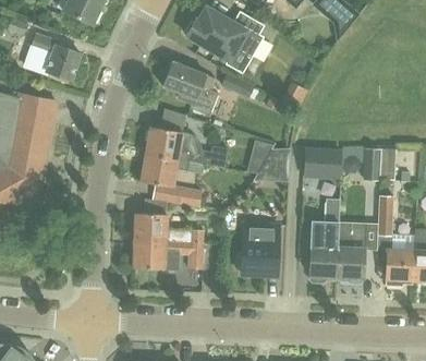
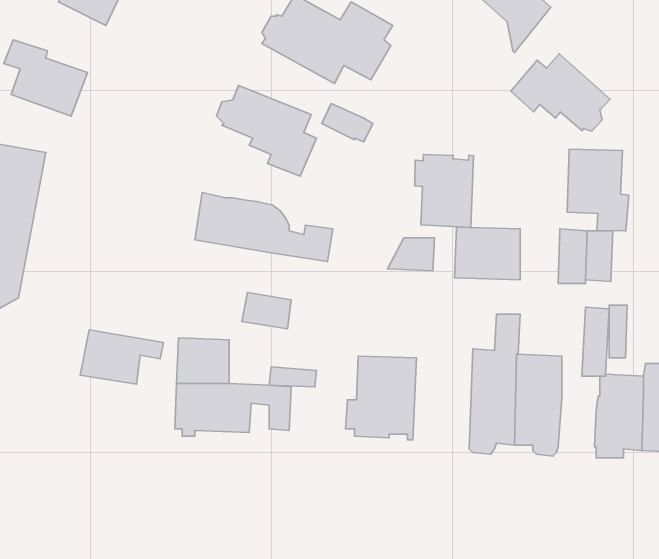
building: none -> [511,54,610,131]
building: none -> [567,149,629,231]
building: none -> [415,155,474,227]
building: [139,154,190,186] -> [80,330,164,384]

